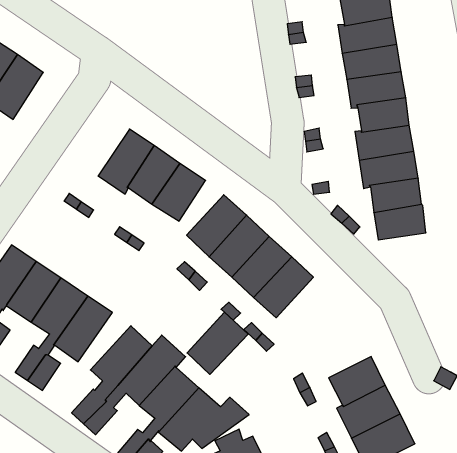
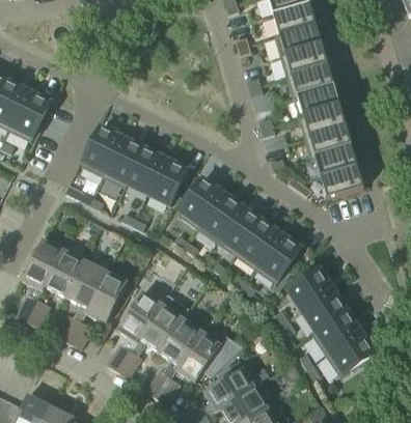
building: none -> [81,126,122,176]
building: [187,312,248,374] -> [255,233,301,283]
building: none -> [287,267,333,310]

